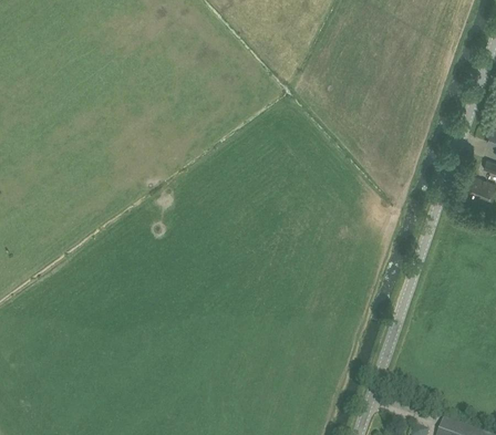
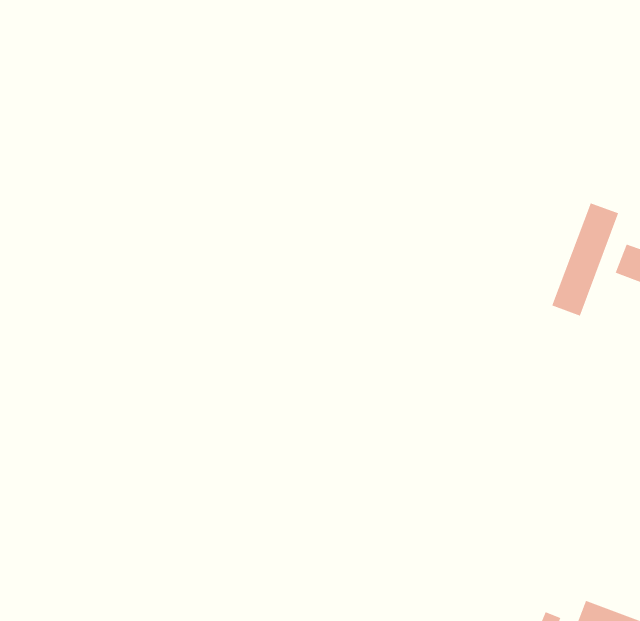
building: none -> [552,202,619,316]

